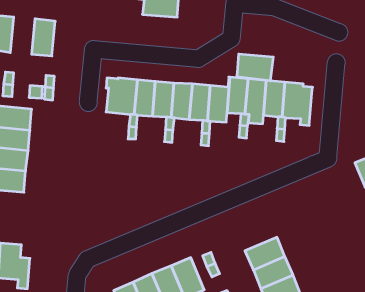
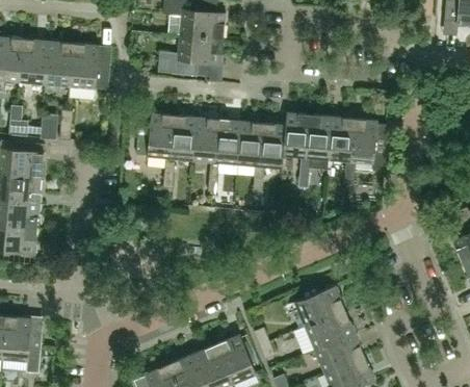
building: none -> [157,35,223,75]
building: none -> [18,38,48,84]
building: none -> [69,44,109,89]
building: [237,54,273,81] -> none
building: none -> [295,285,345,326]

